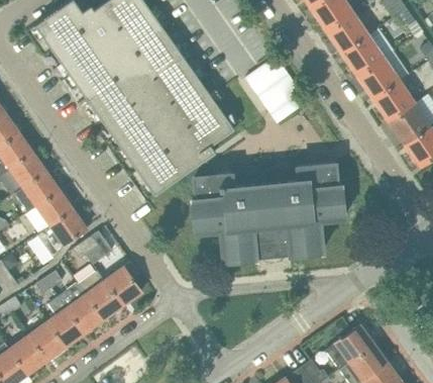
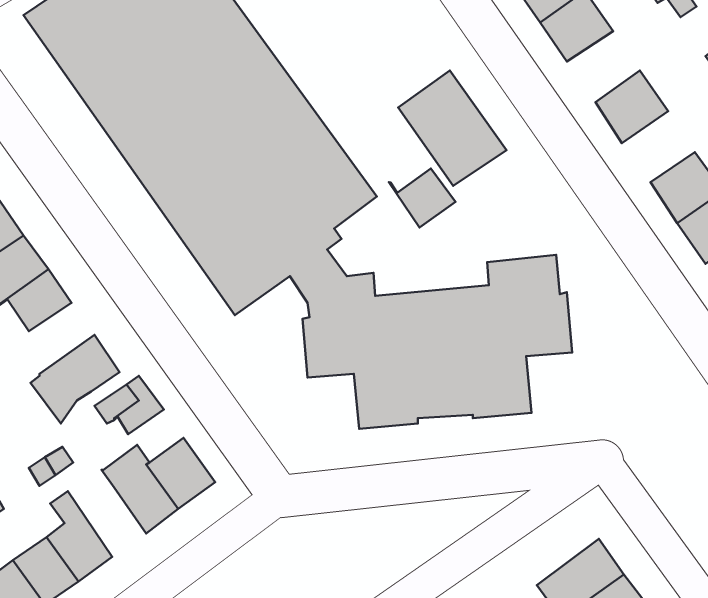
building: [342,35,384,76] -> none
building: [373,81,415,121] -> none
building: none -> [389,169,455,228]
building: [36,190,74,230] -> none
building: [59,283,103,334] -> none

